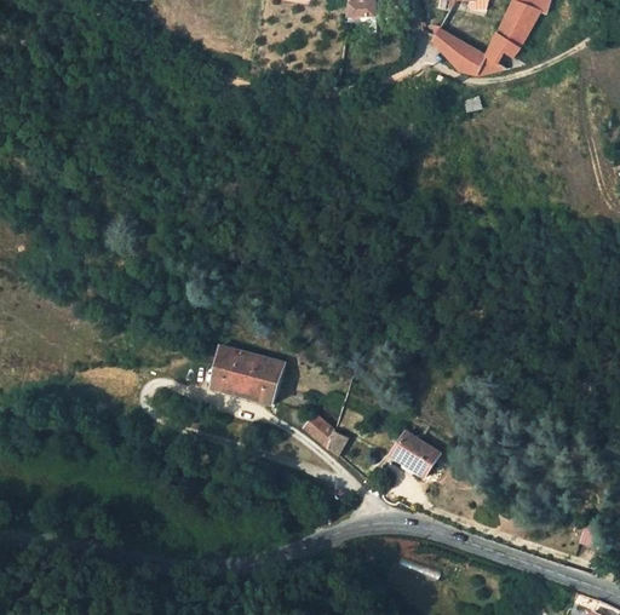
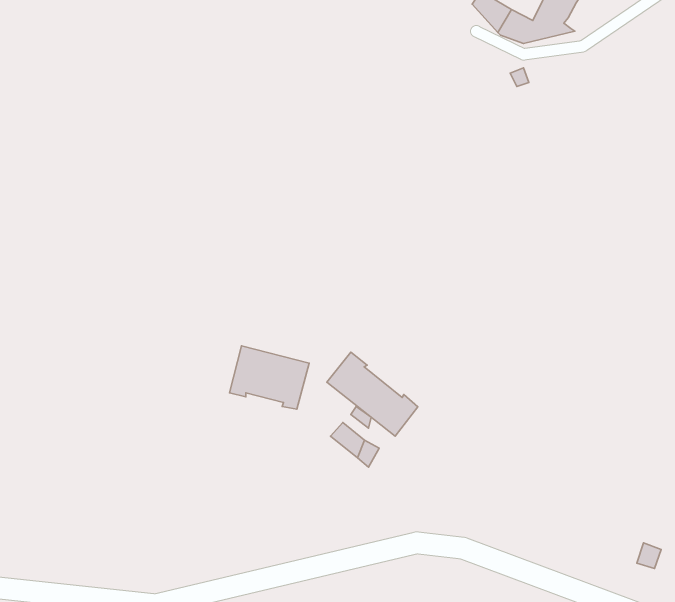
building: none -> [327,352,418,436]
building: [391,431,438,475] -> none

